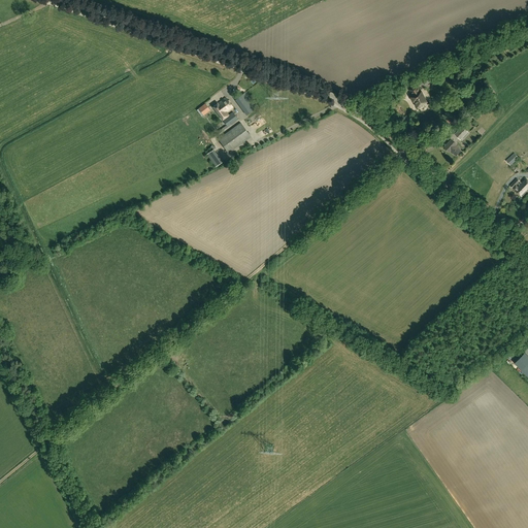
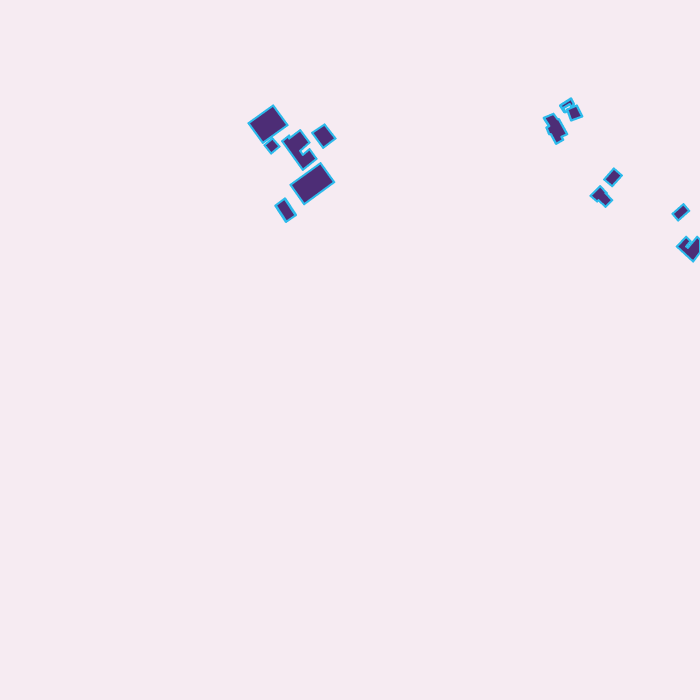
building: none -> [249,105,287,143]

